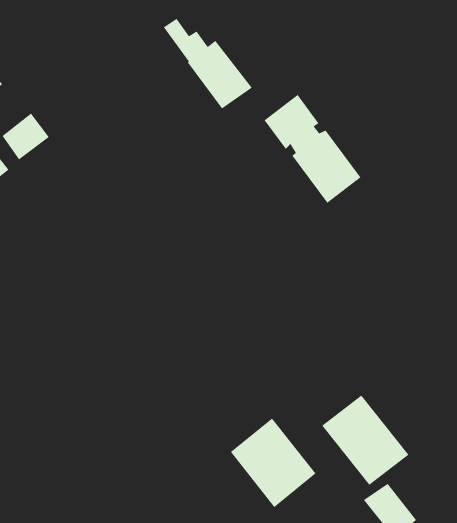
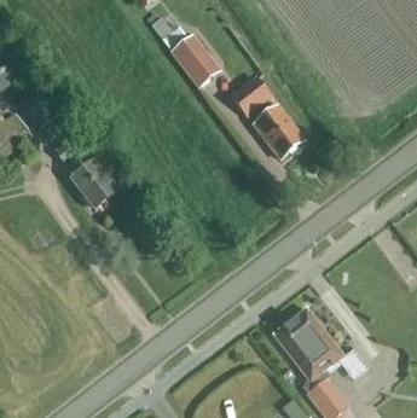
building: none -> [56,135,118,209]
building: [230,417,317,508] -> none

